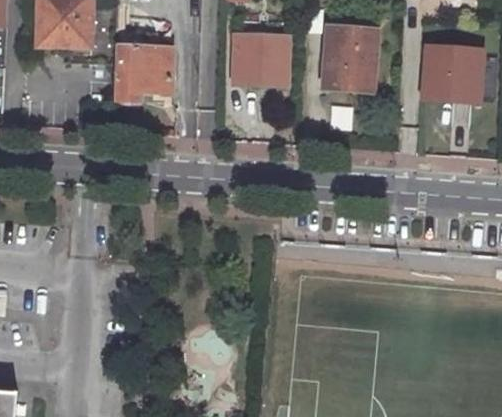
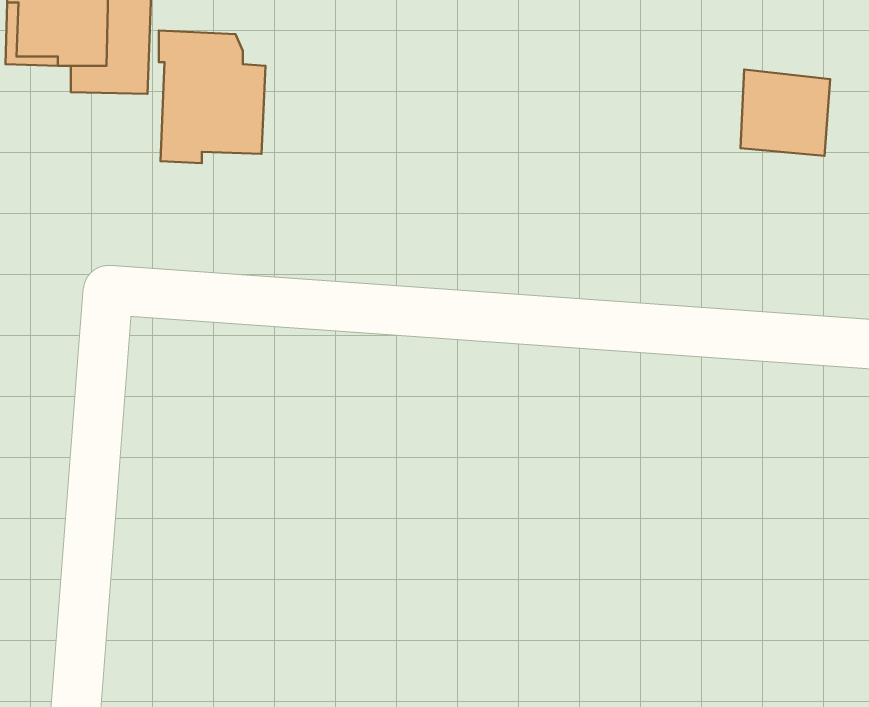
building: [324,30,373,89] -> none
building: [235,38,286,87] -> none

